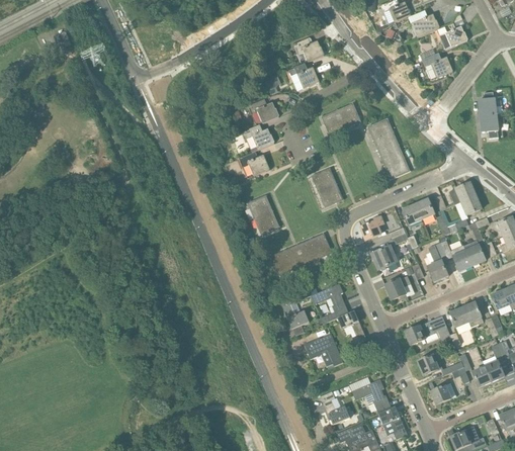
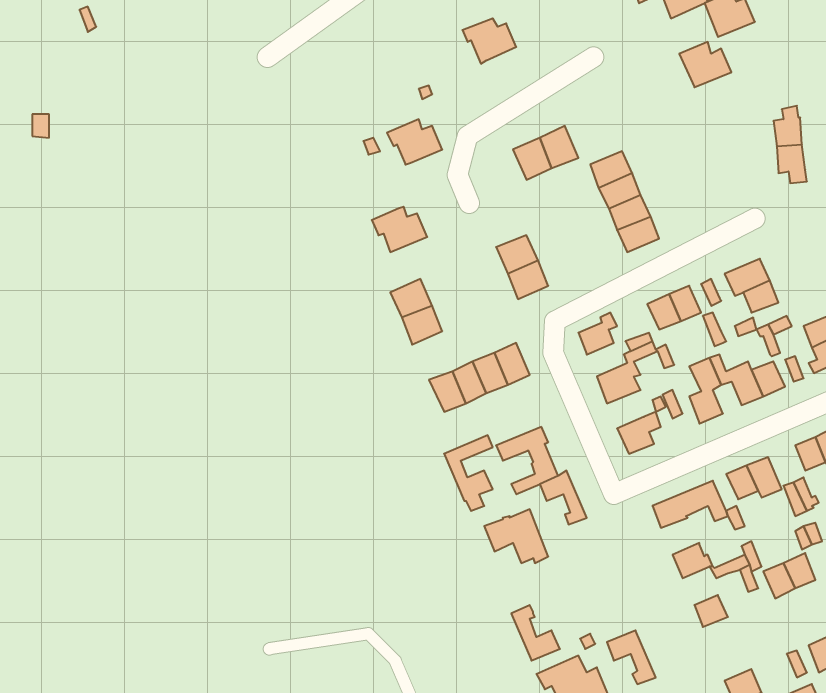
building: [289,63,320,90] -> none
building: [242,124,275,152] -> none
building: [352,378,396,413] -> none

